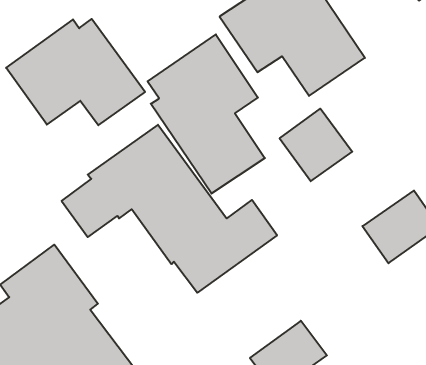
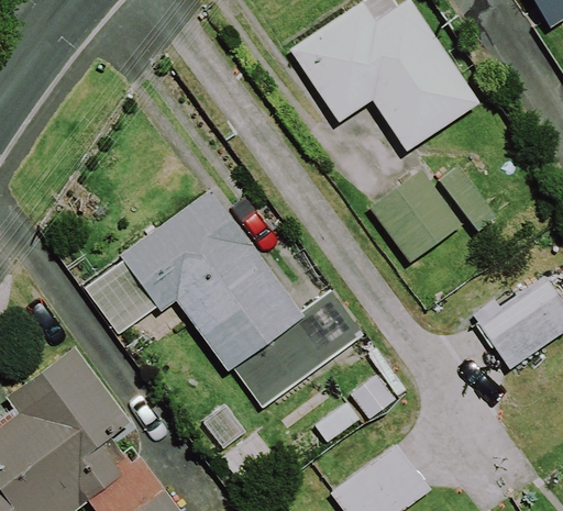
building: [6,19,145,125] -> none
building: [148,34,265,194] -> none

